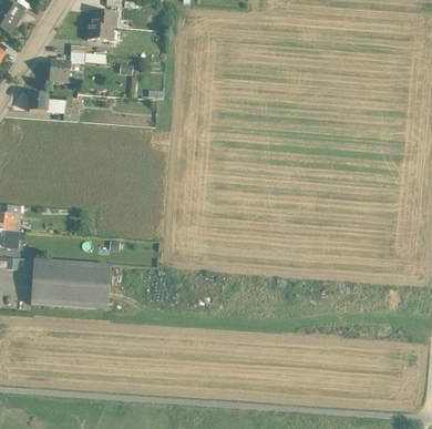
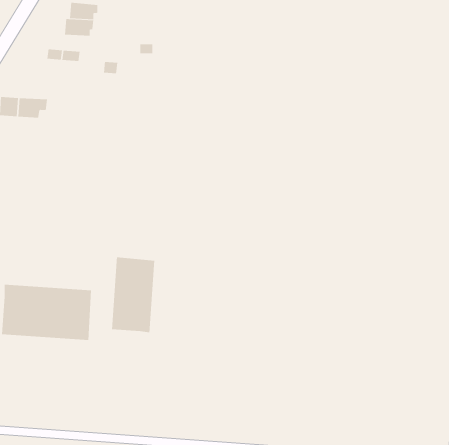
building: [49,57,82,81] -> none
building: none -> [111,257,155,333]

